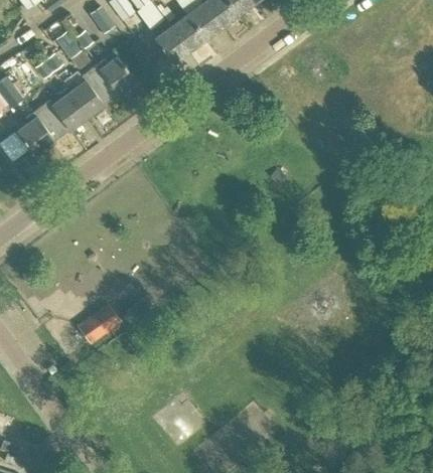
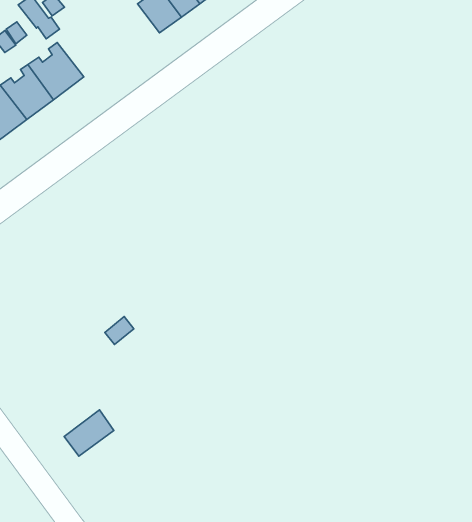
building: [89,56,136,100] -> none
building: [79,304,120,342] -> [64,410,114,456]

